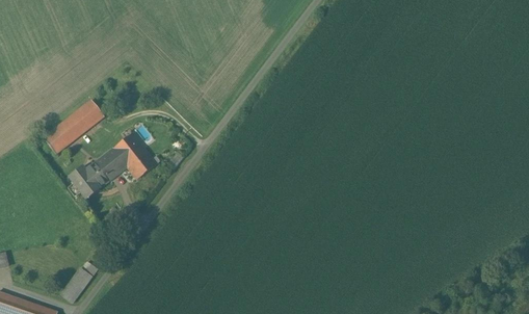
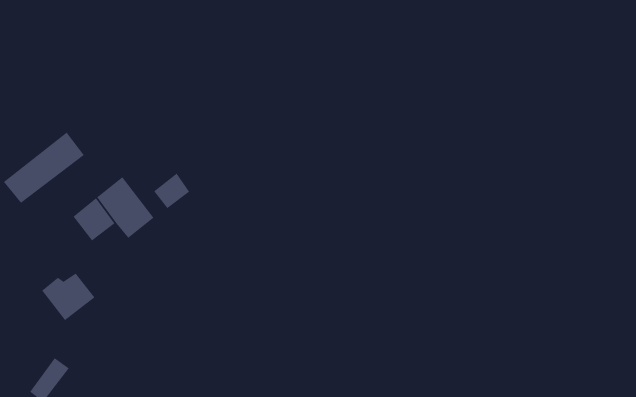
building: none -> [153,172,190,209]
building: [69,162,109,199] -> [41,273,95,321]

